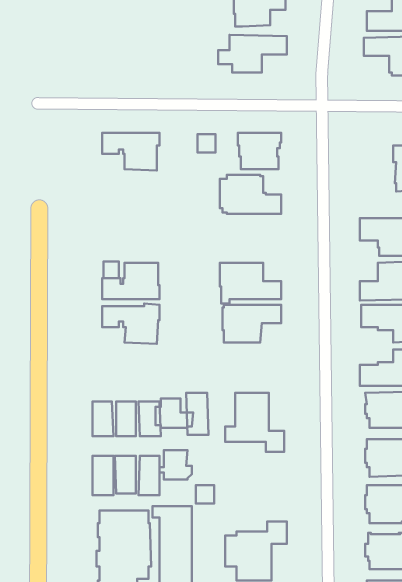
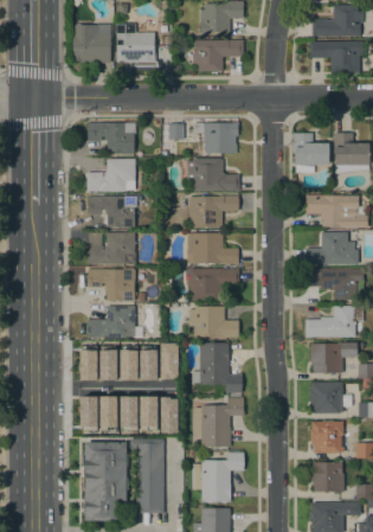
building: none -> [72,24,111,63]
building: none -> [116,24,156,62]
building: none -> [294,133,329,173]
building: none -> [88,159,137,191]
building: none -> [189,194,239,226]
building: none -> [88,196,137,227]
building: none -> [88,306,143,339]
building: none -> [188,306,239,338]
building: none -> [193,397,245,447]

